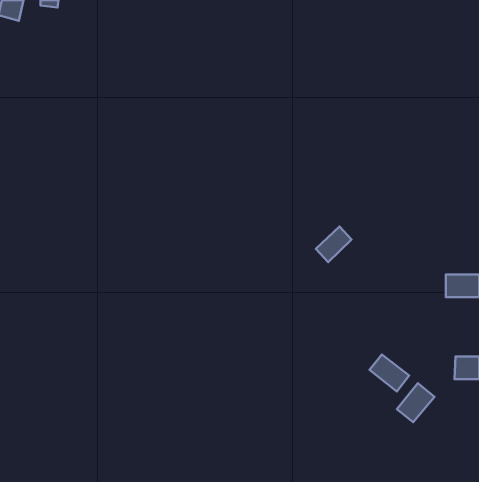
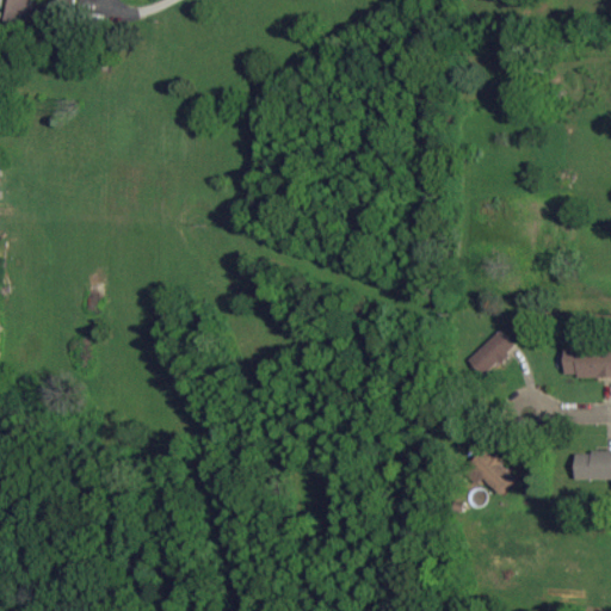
building: [316,226,352,262] -> [470,331,516,376]
building: [397,383,434,422] -> none

